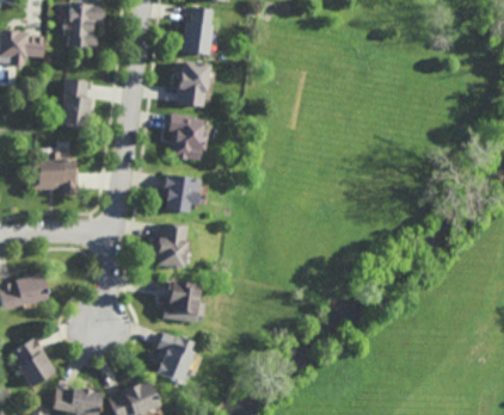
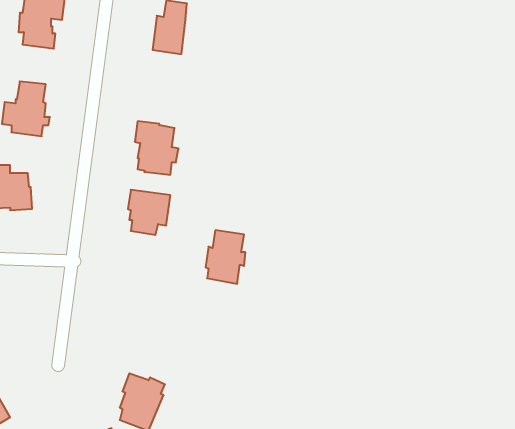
building: [176,60,208,107] -> none
building: [152,222,186,268] -> [206,230,245,284]
building: [160,279,197,322] -> none

